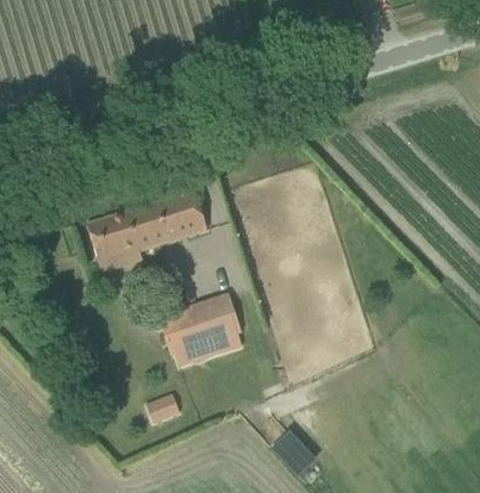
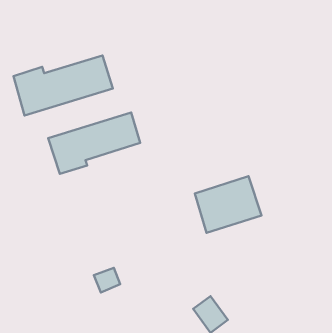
building: none -> [13,56,113,116]
building: [158,293,245,367] -> [195,176,261,233]

